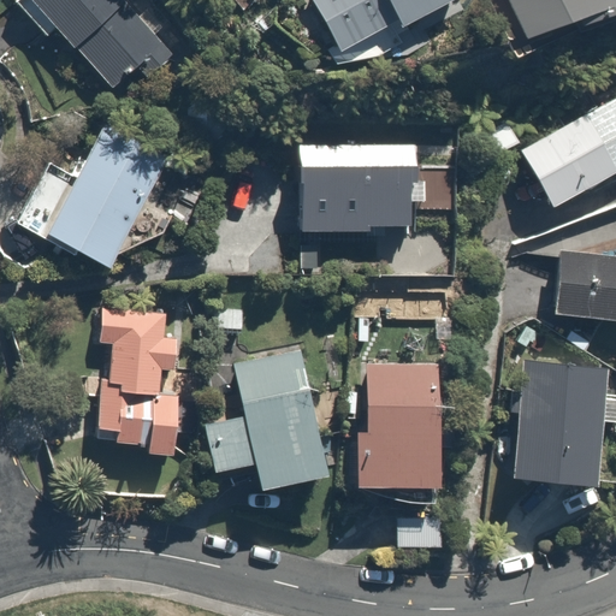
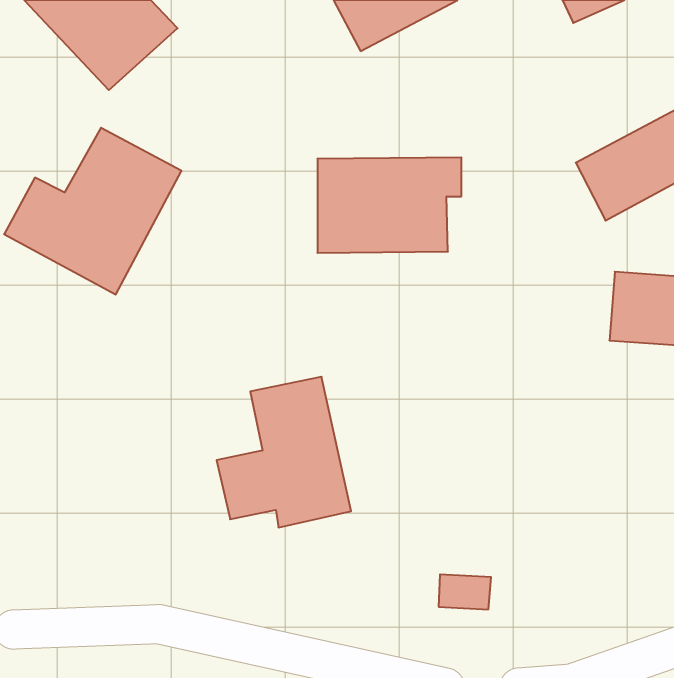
building: [97,307,194,458] -> none
building: [356,361,439,481] -> none
building: [513,363,610,480] -> none

